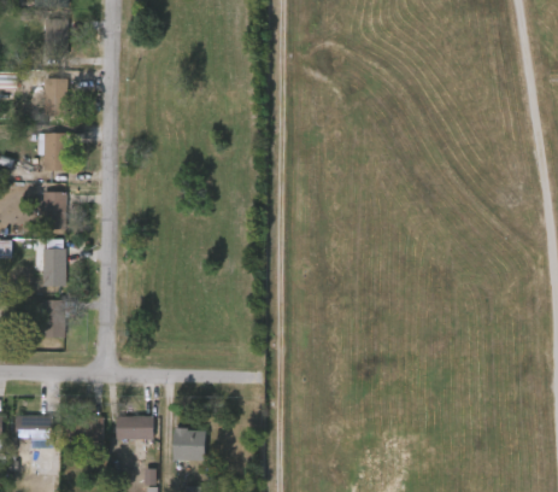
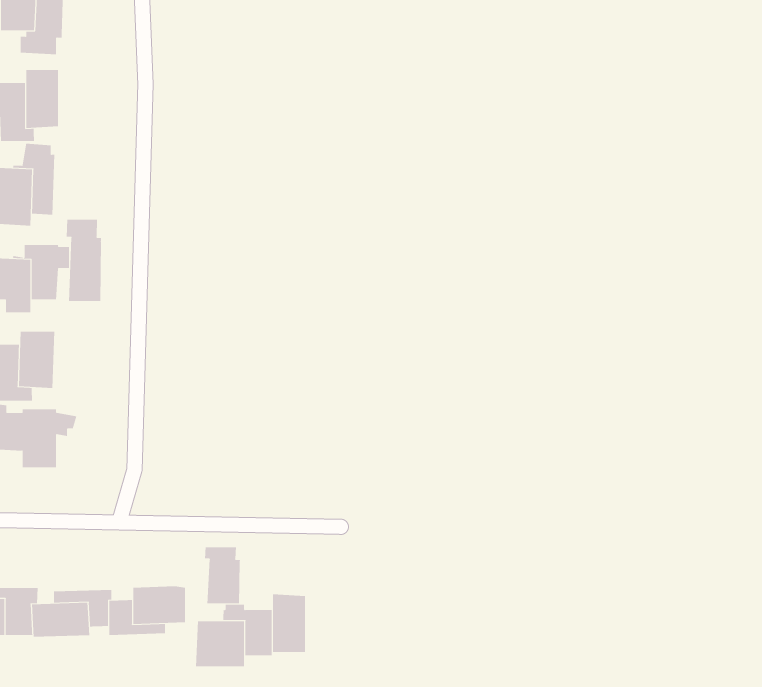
building: none -> [66,219,102,302]
building: none -> [205,546,240,604]
building: none -> [273,594,305,653]

